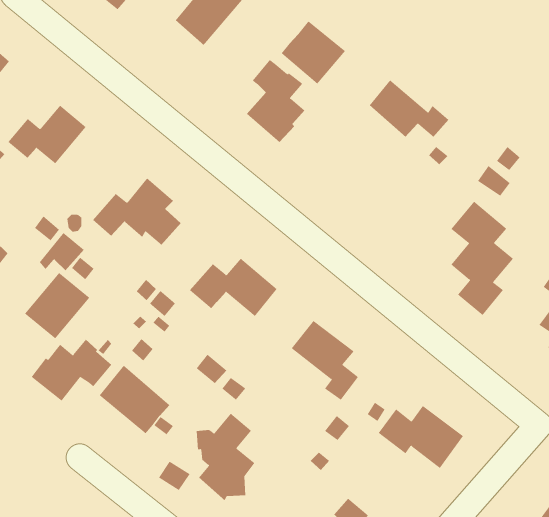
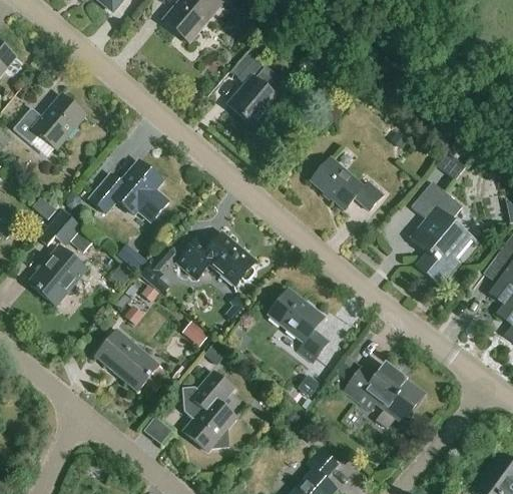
building: [281,20,346,84] -> none
building: [369,80,449,138] -> [311,157,383,209]
building: [31,339,112,402] -> none

